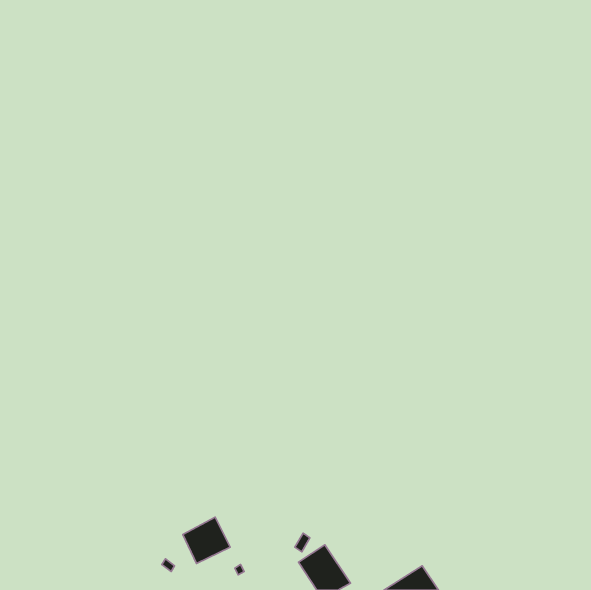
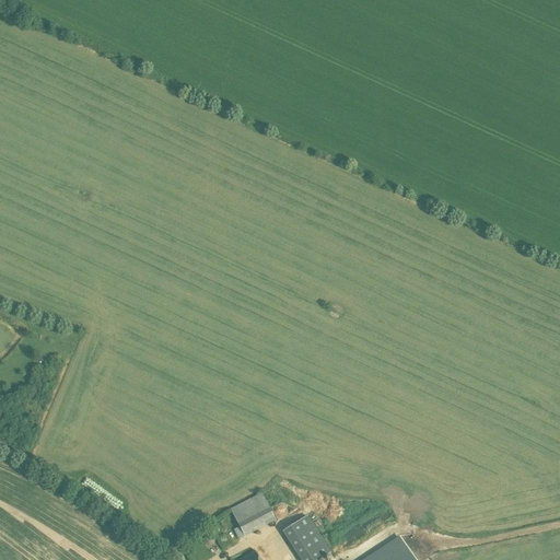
building: [183,517,230,563] -> [231,492,276,536]

